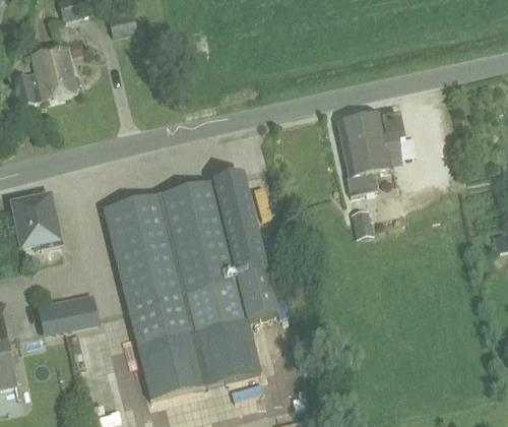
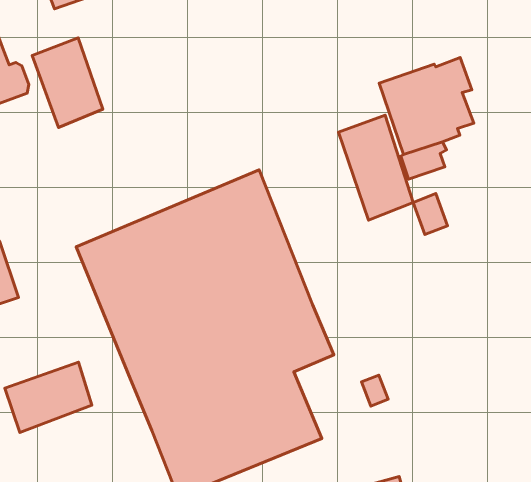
building: none -> [32,38,103,128]
building: none -> [338,115,413,220]

